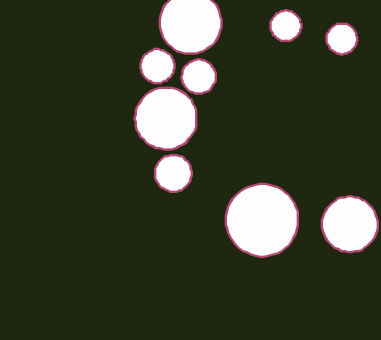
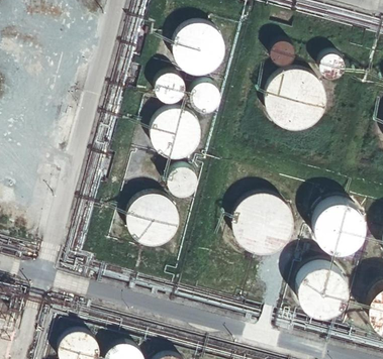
building: none -> [262,69,326,132]
building: none -> [123,192,178,246]
building: none -> [296,265,346,315]

